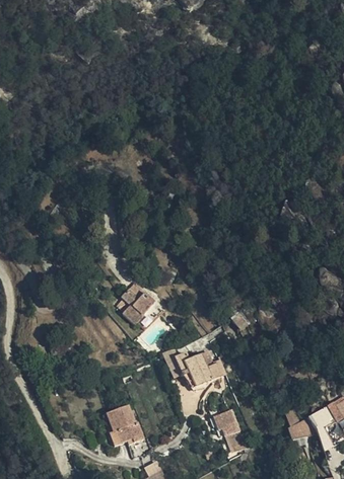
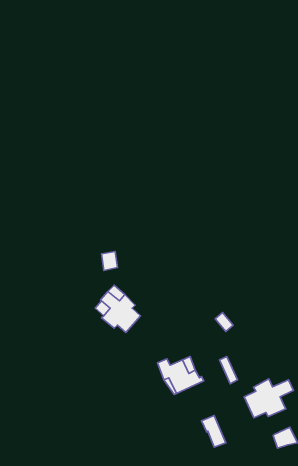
building: none -> [244,379,293,418]
building: [102,404,142,446] -> none

